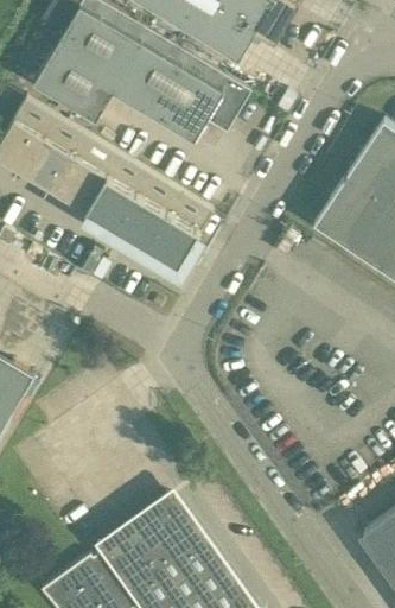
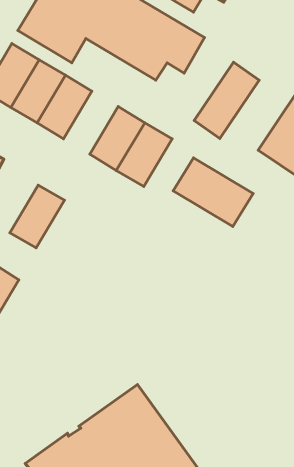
building: none -> [194,62,259,138]
building: [87,156,151,229] -> [10,185,64,248]
building: none -> [173,158,253,226]

